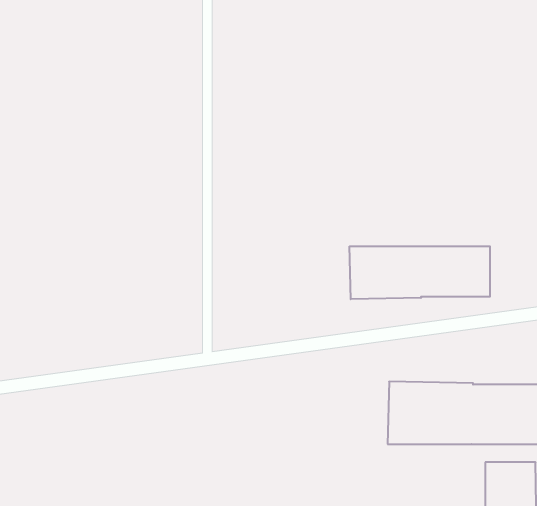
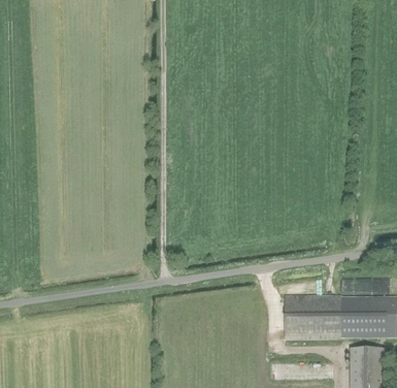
building: [350,246,490,299] -> none

